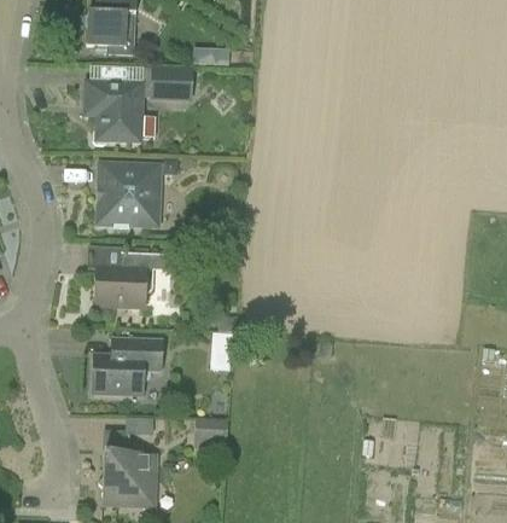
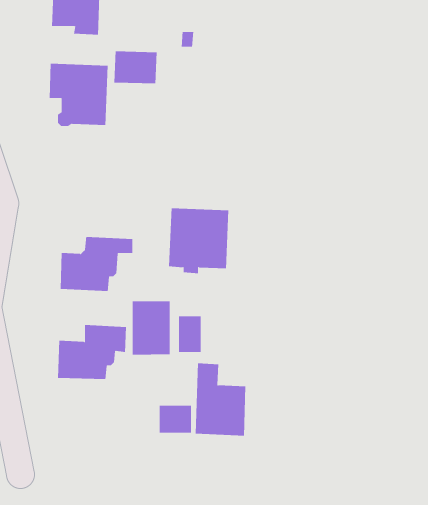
building: [99,163,159,228] -> [168,208,229,274]
building: none -> [132,300,170,355]
building: [101,430,152,502] -> [195,363,246,436]

